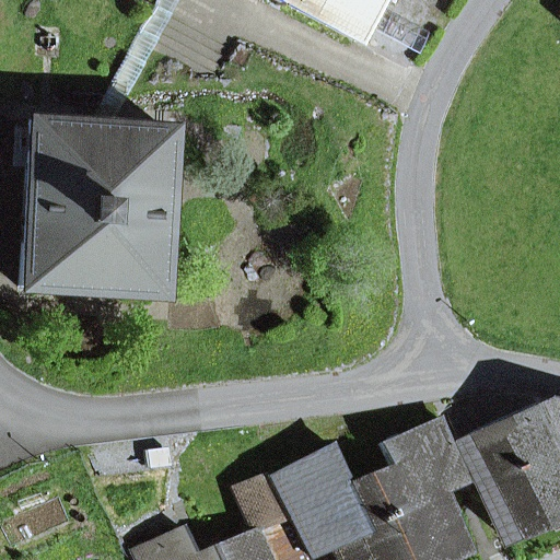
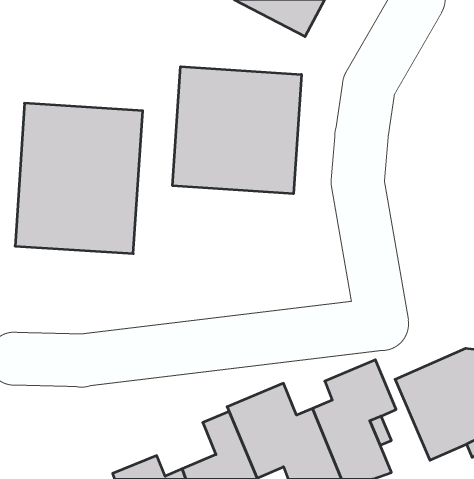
building: none -> [173,67,301,194]

